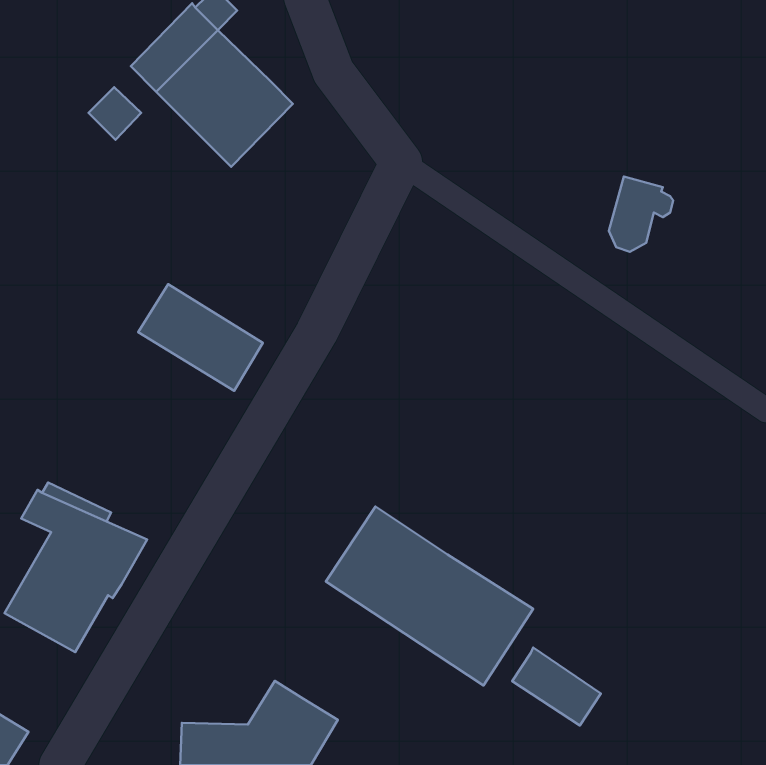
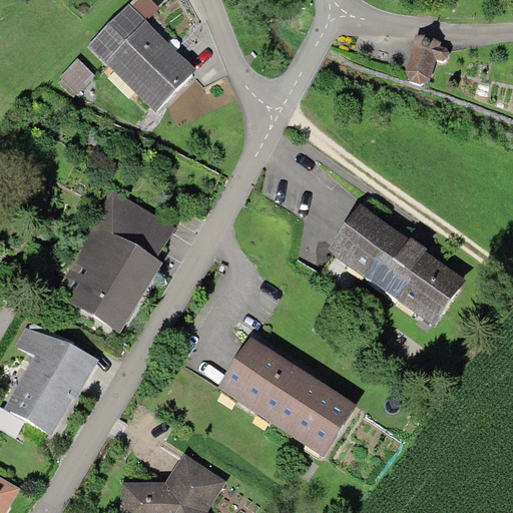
building: [609,177,673,252] -> [405,34,448,84]
building: none -> [327,204,466,326]
building: none -> [53,221,161,334]
building: [512,648,601,726] -> none

